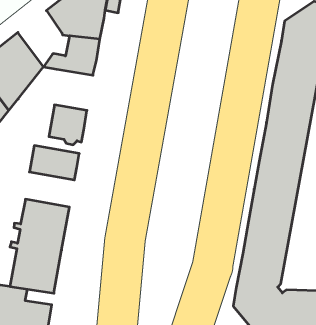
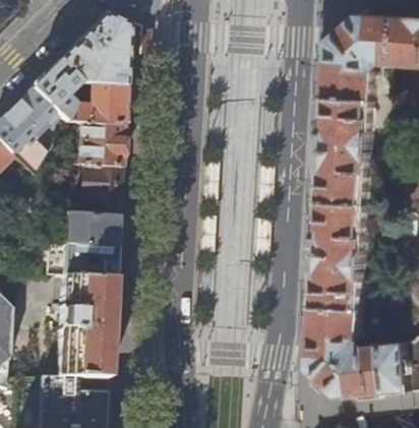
building: none -> [31,60,80,124]
building: none -> [77,125,121,168]
building: none -> [52,245,114,280]

